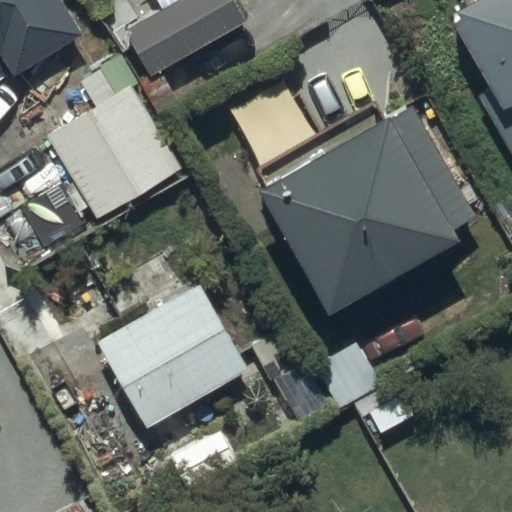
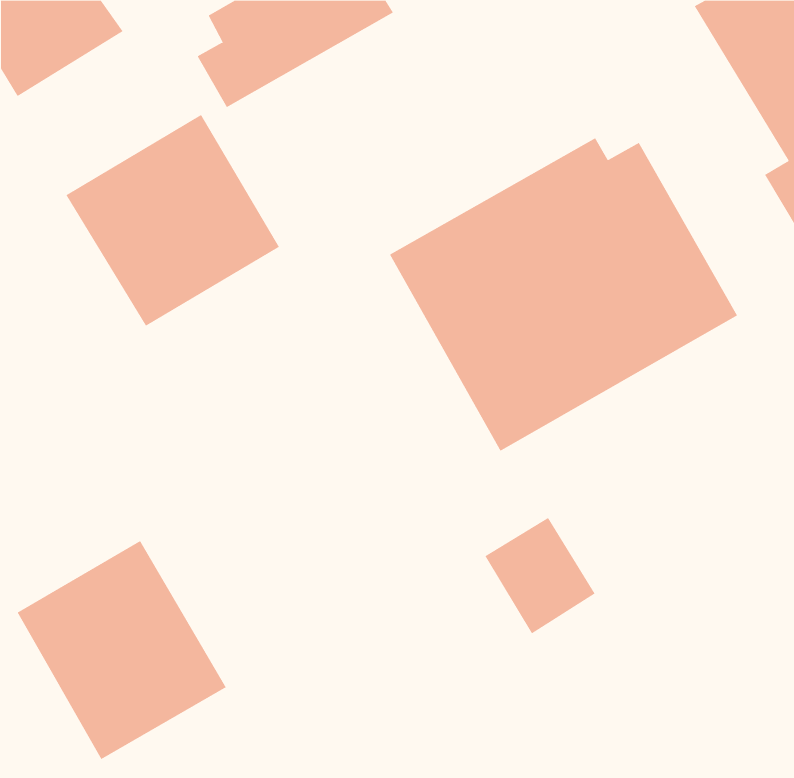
building: [95,263,248,429] -> none
building: none -> [17,540,226,760]

